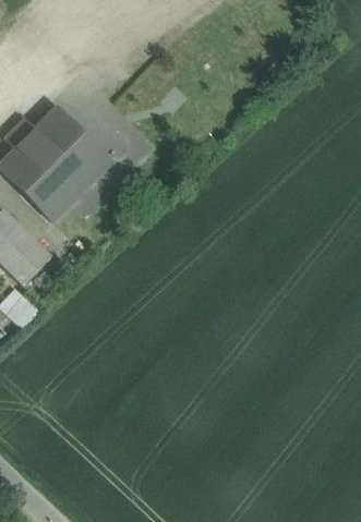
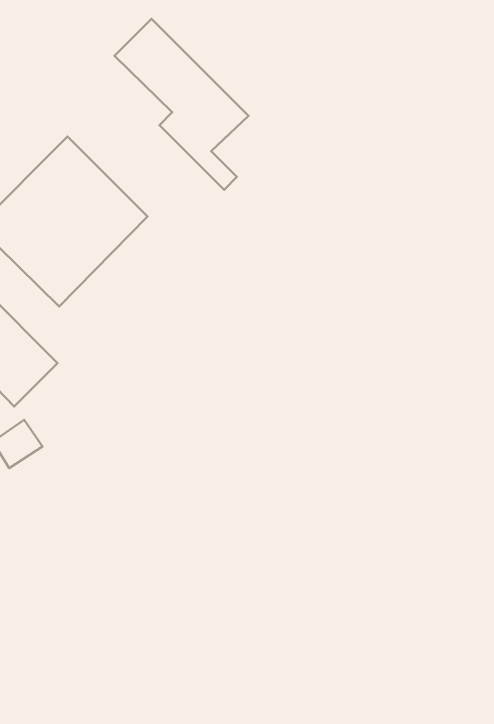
building: none -> [114,19,249,190]

